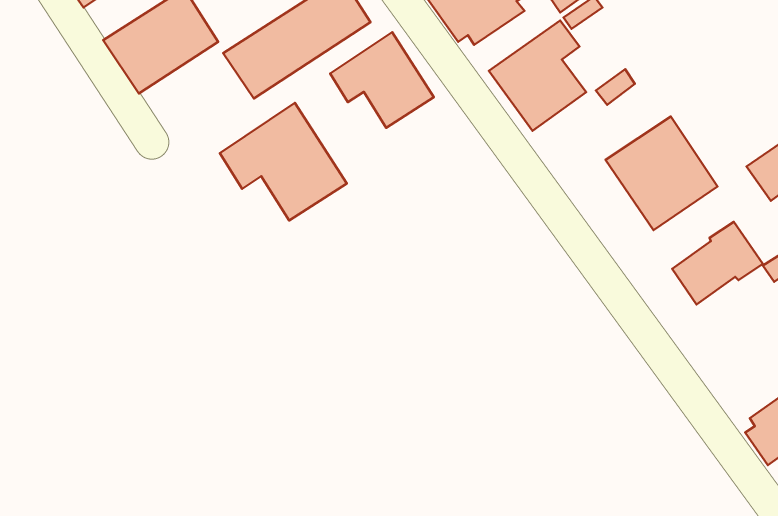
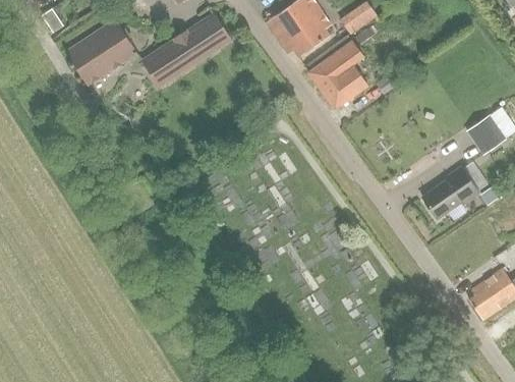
building: [330,32,434,128] -> none
building: [220,103,347,221] -> none
building: [606,117,717,230] -> none

